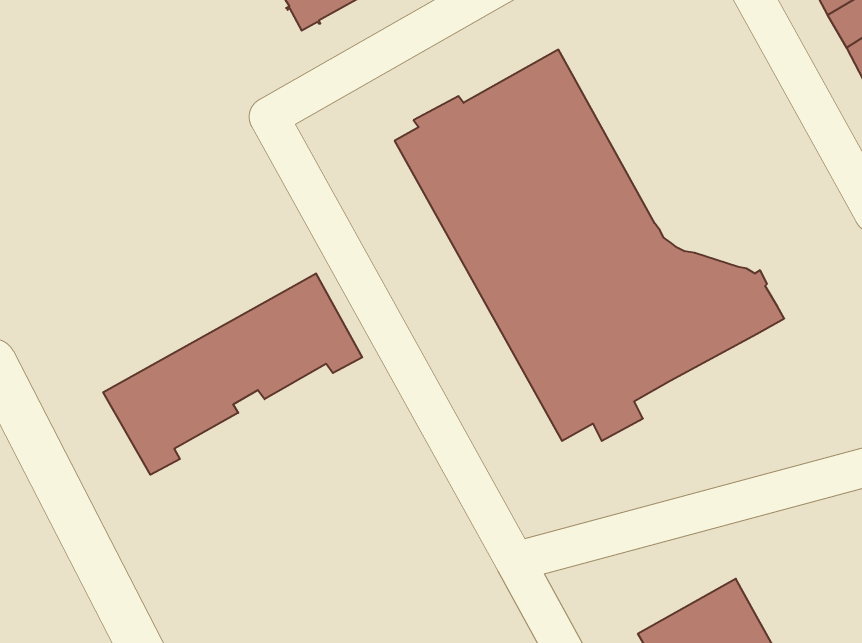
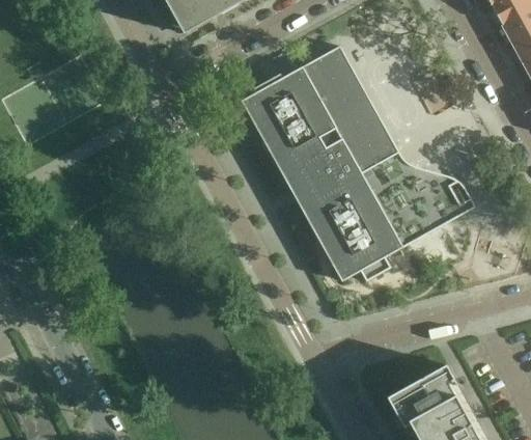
building: [103,273,362,475] -> none

